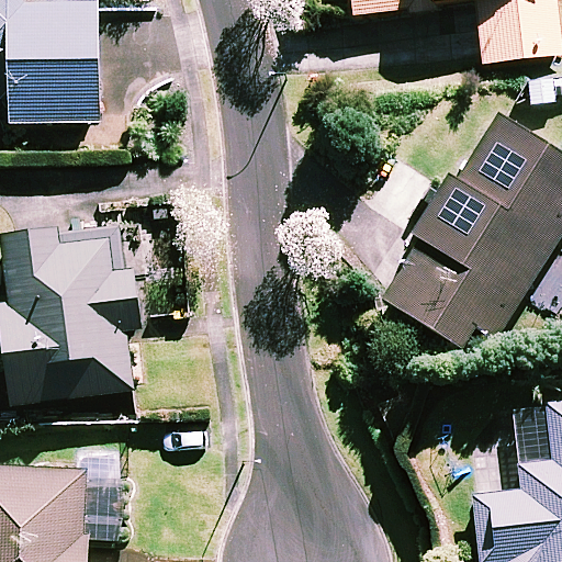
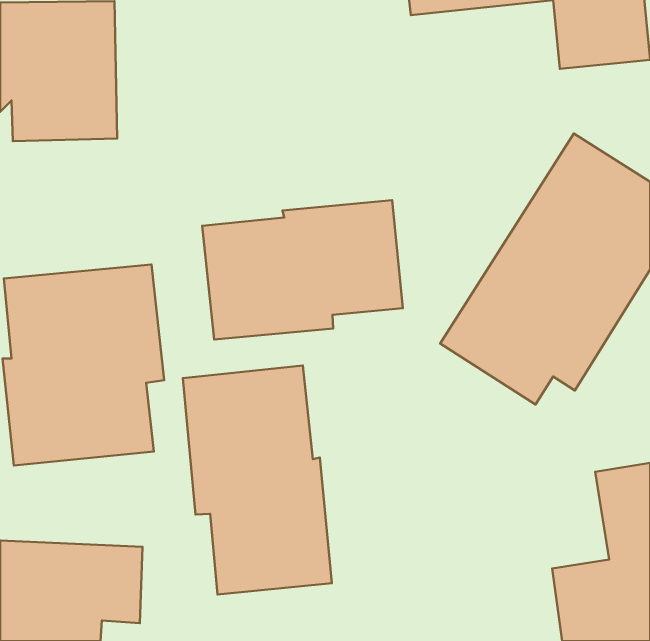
building: none -> [202,200,403,340]
building: none -> [183,365,332,595]

